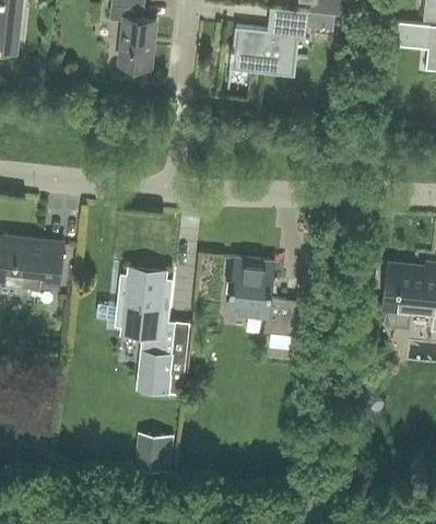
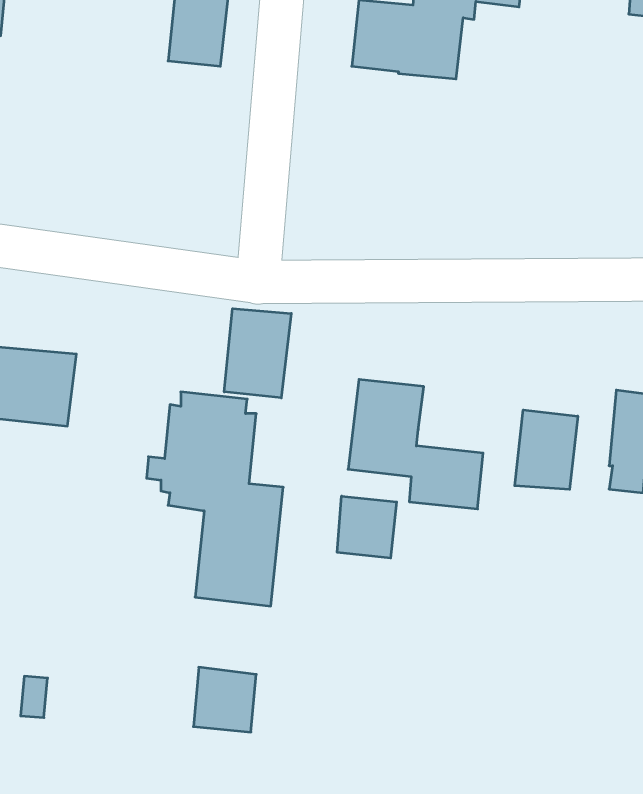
building: none -> [224,309,291,398]
building: none -> [515,410,578,489]
building: none -> [337,496,397,558]

